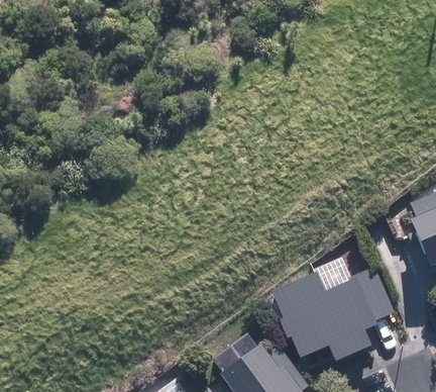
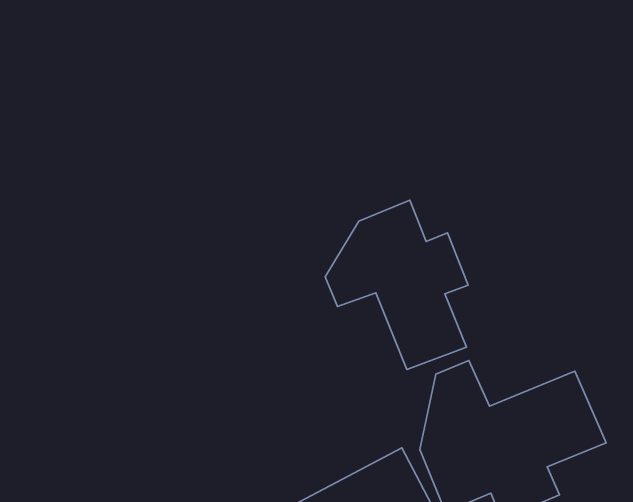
building: none -> [325,200,468,370]

